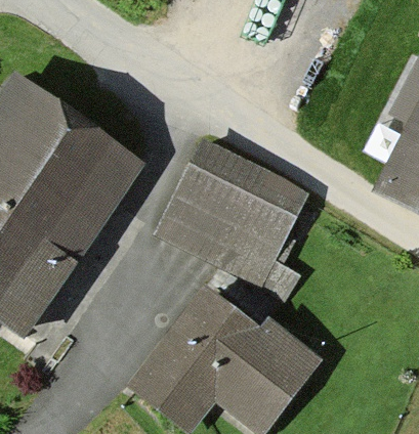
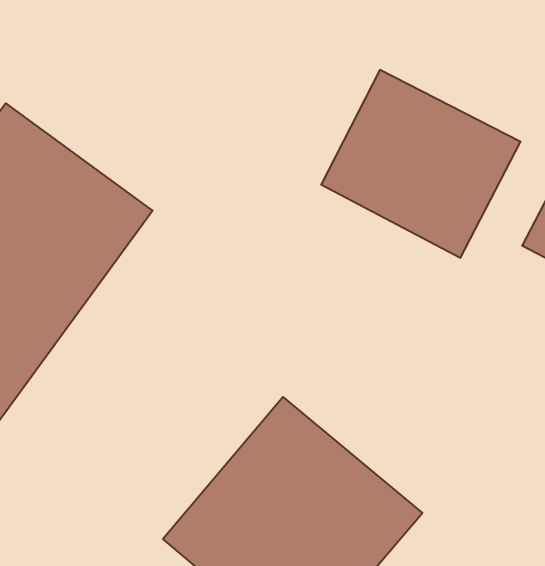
building: [164,141,303,272] -> [321,70,521,258]

